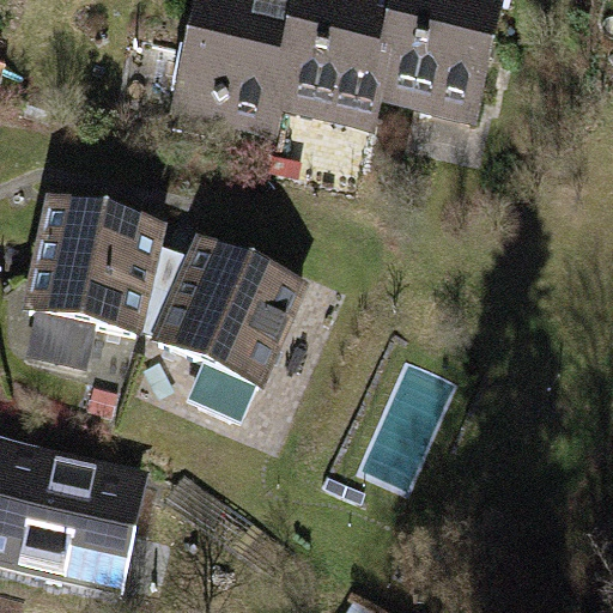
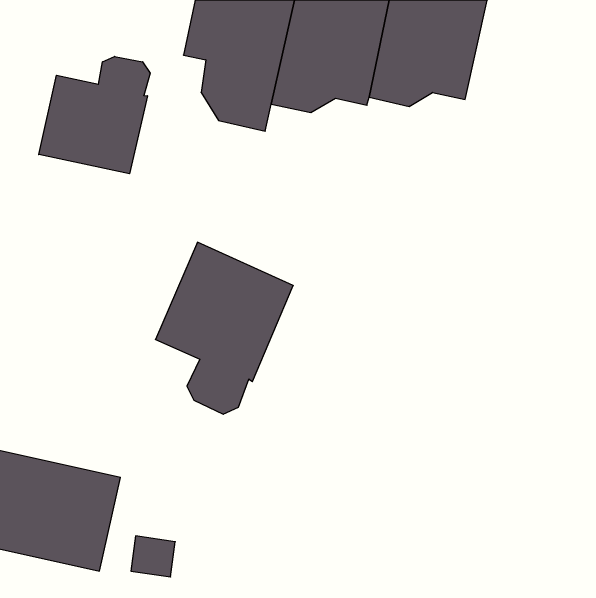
building: none -> [39,56,150,174]
building: [30,210,159,368] -> none

